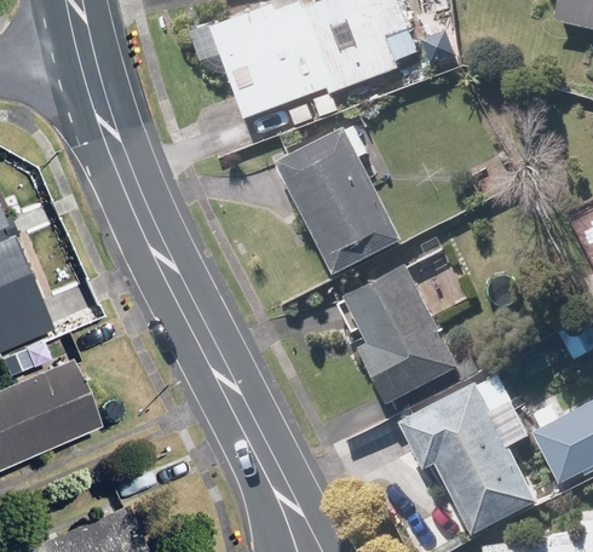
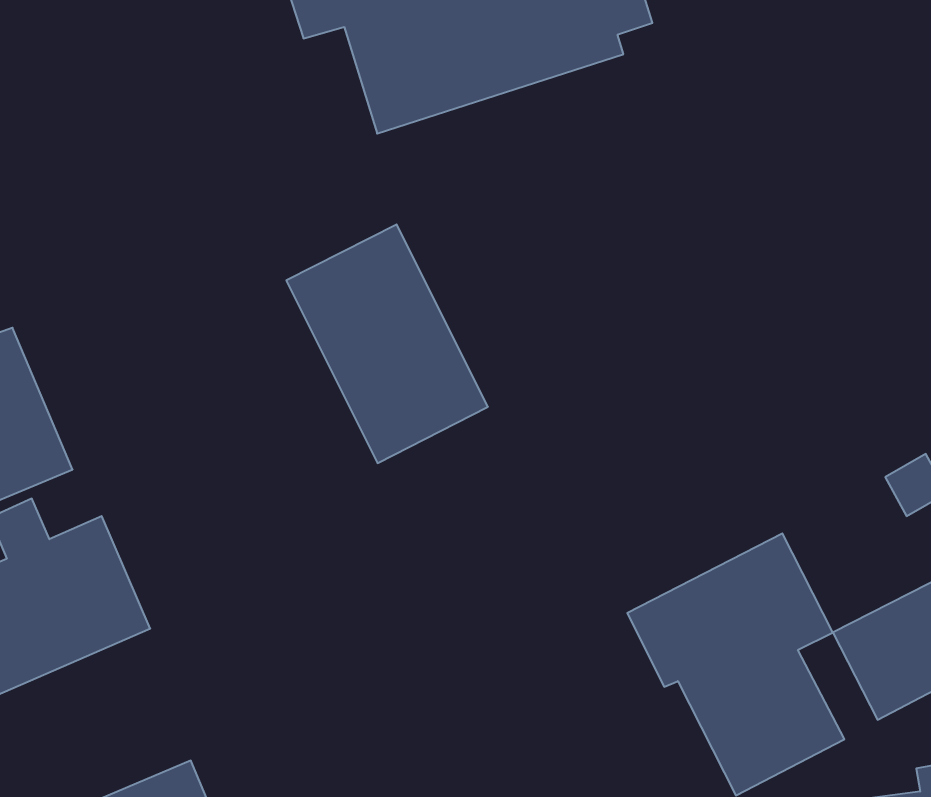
building: [276,123,402,272] -> [286,224,488,463]
building: [338,264,459,401] -> none

